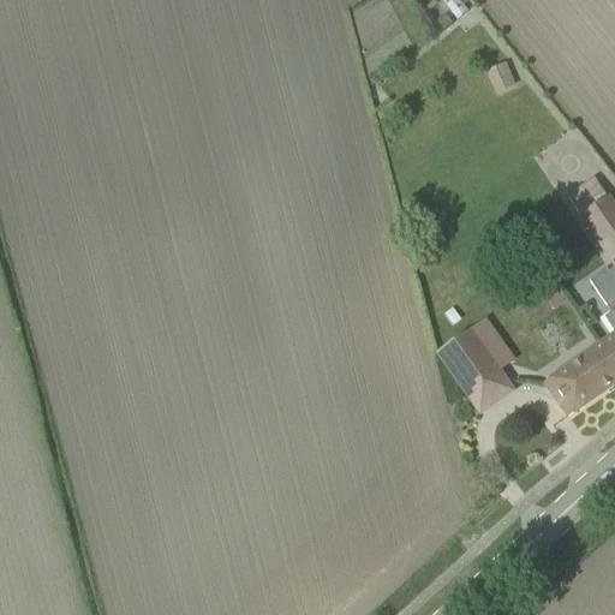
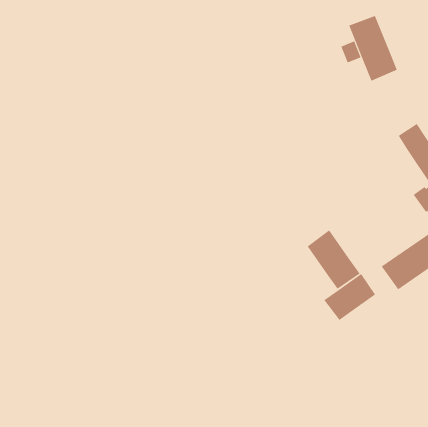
building: none -> [349,15,397,81]
building: none -> [324,273,376,321]

